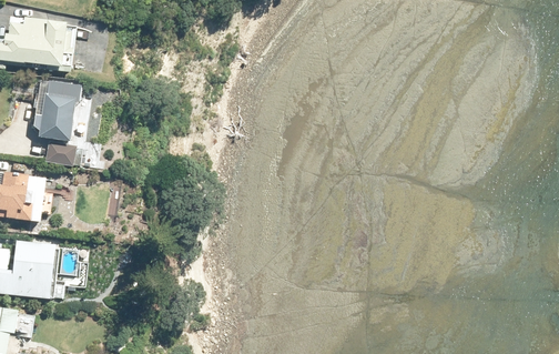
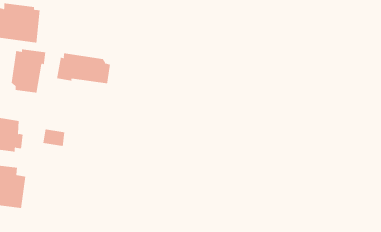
building: none -> [56,53,111,84]
building: [44,140,75,164] -> [43,129,65,147]

